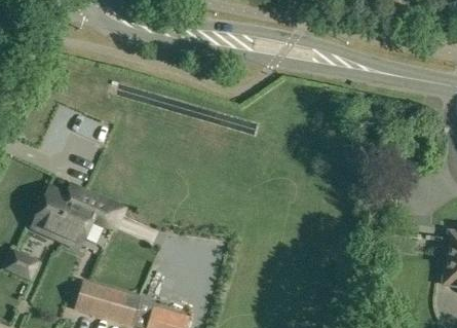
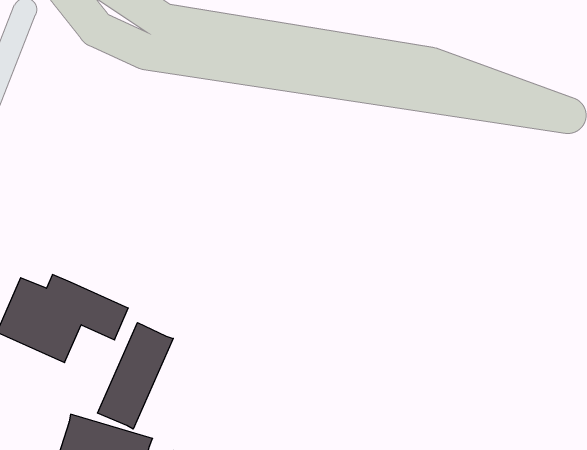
building: none -> [97,323,173,429]

